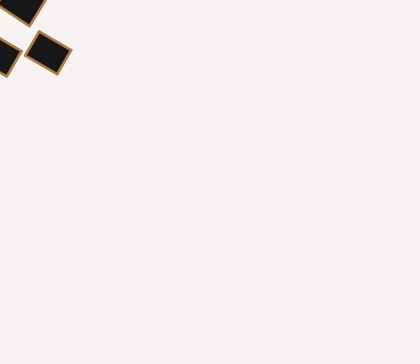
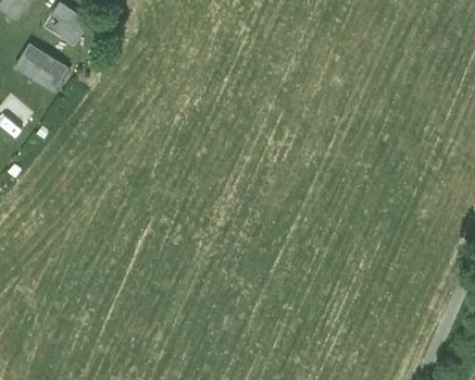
building: [25,31,71,74] -> none

